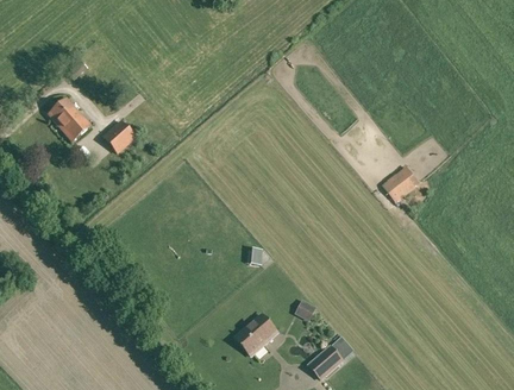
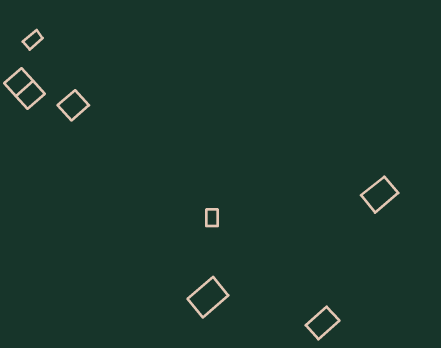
building: [382,165,420,202] -> [361,177,398,213]
building: [308,345,343,378] -> [306,307,339,339]

